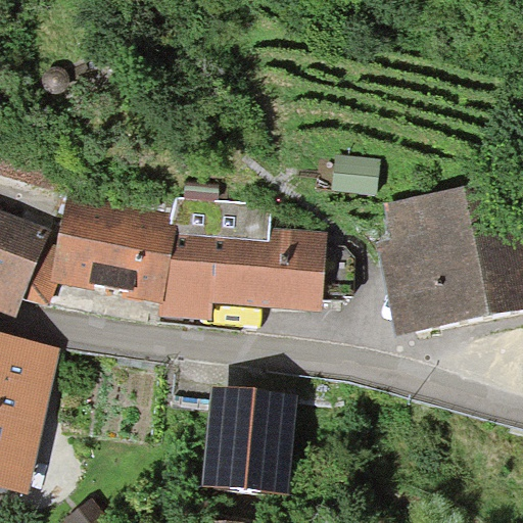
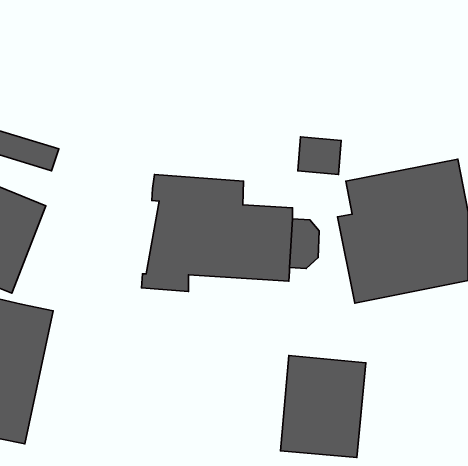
building: [49,191,177,304] -> none
building: [202,387,297,501] -> [280,355,366,457]

